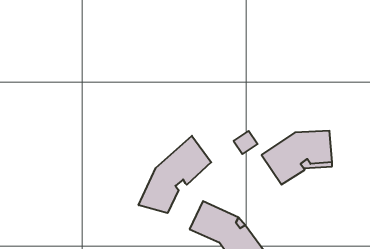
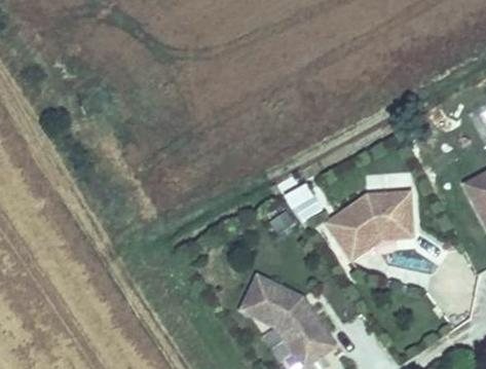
building: [139,136,211,213] -> none

